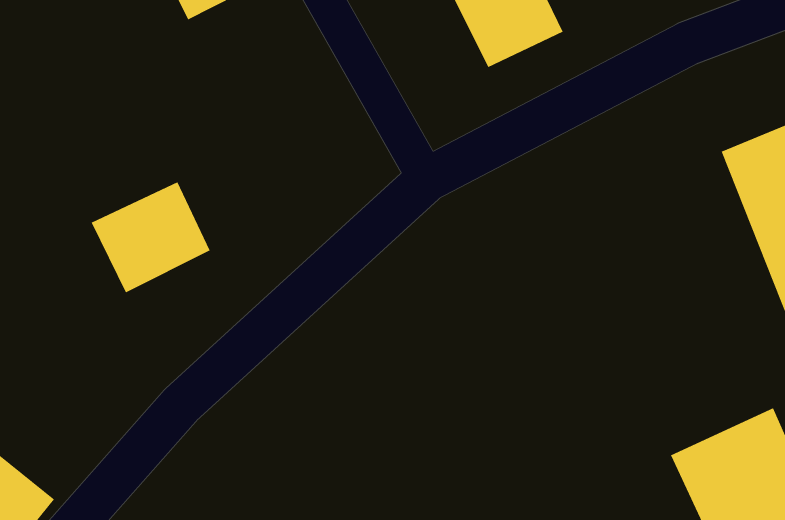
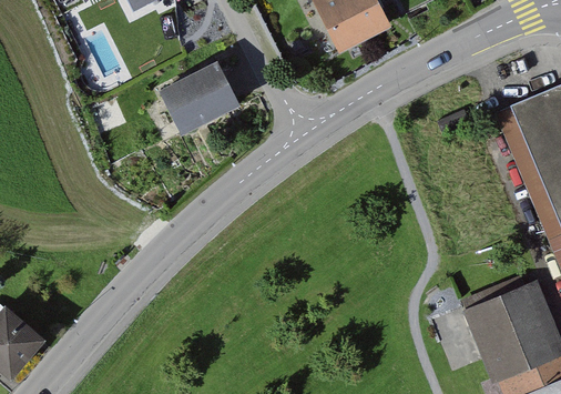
building: [91,182,211,293] -> [162,62,243,138]

